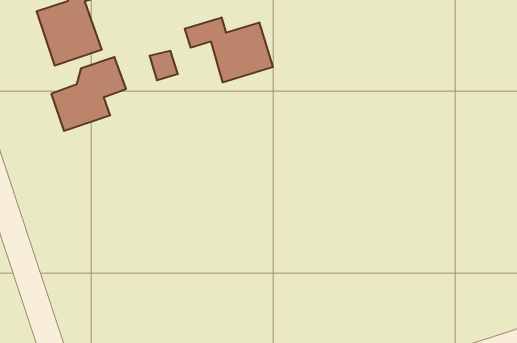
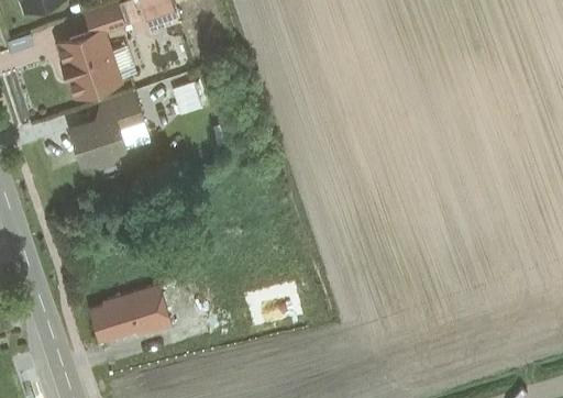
building: [185,17,273,82] -> none
building: none -> [89,283,176,342]

